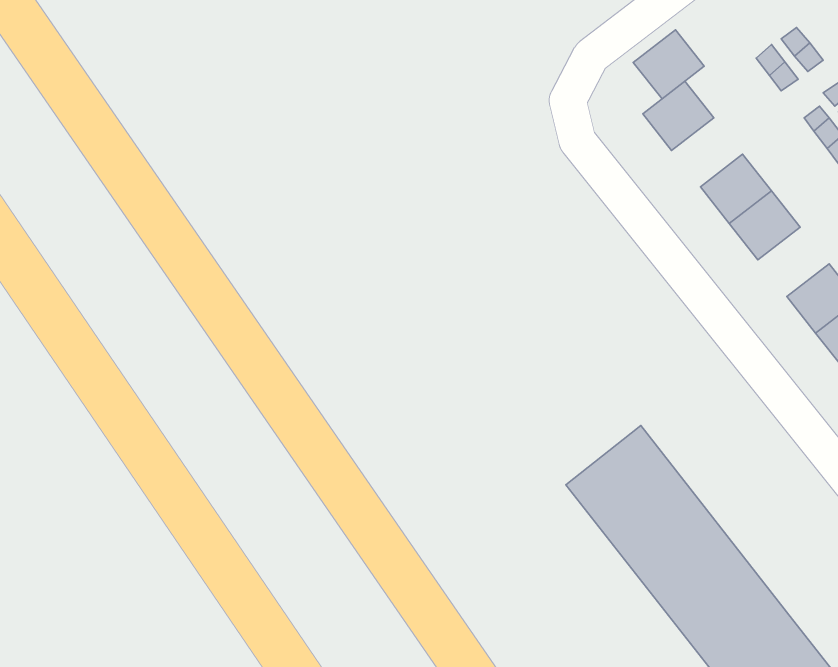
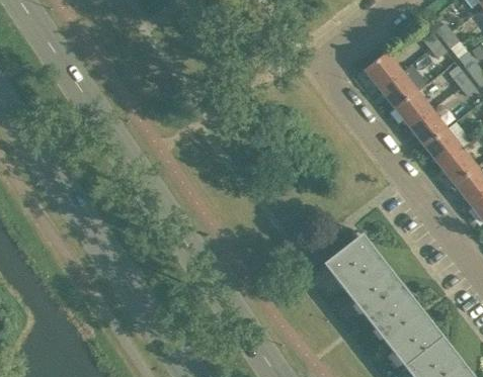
building: [633,30,704,99] -> [380,71,417,107]
building: none -> [425,128,463,165]

